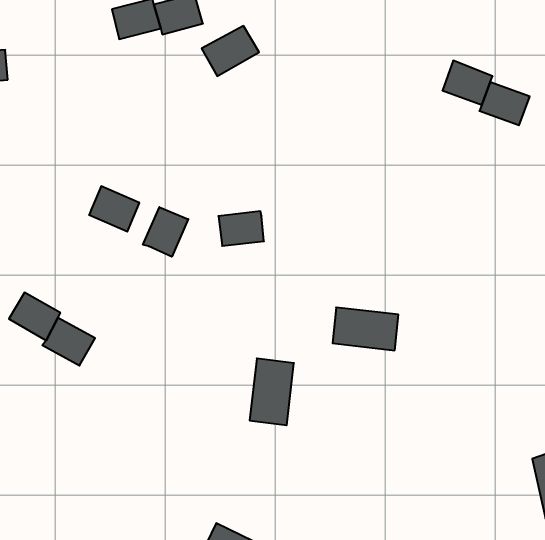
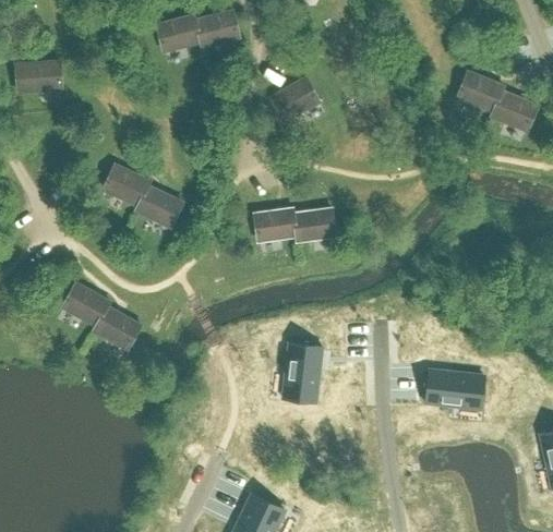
building: [202,26,259,76] -> [267,77,320,123]
building: none -> [104,165,149,206]
building: [143,207,188,257] -> none
building: none -> [293,208,335,241]
building: [333,307,398,350] -> [425,370,485,409]

